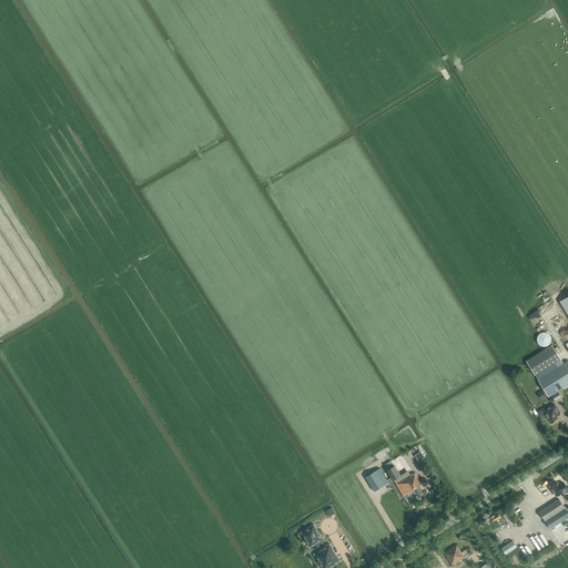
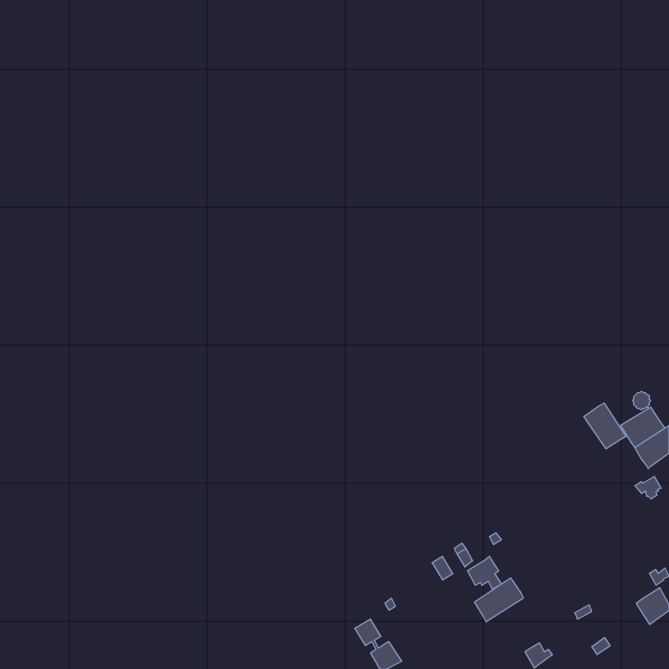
building: none -> [584,403,626,449]
building: none -> [474,578,523,622]

